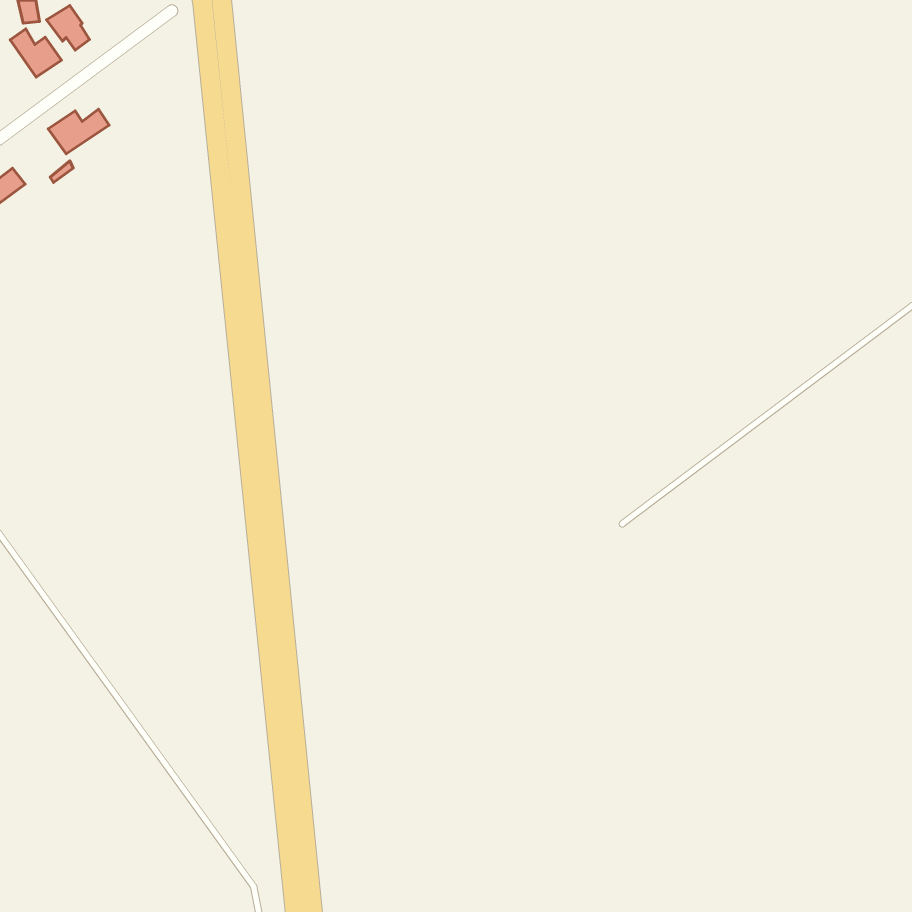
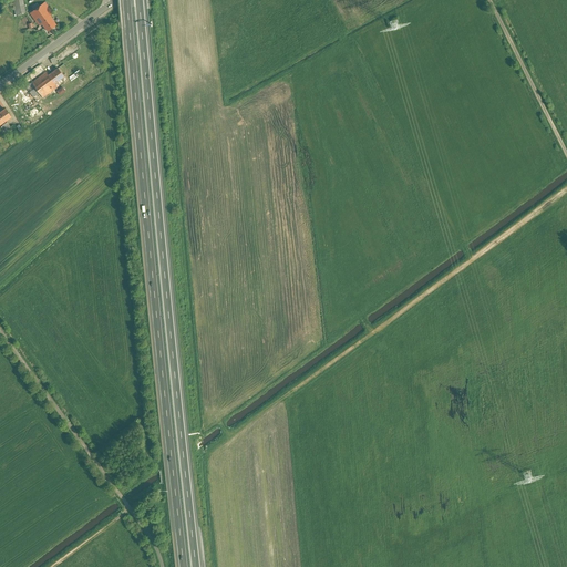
building: [10,29,62,77] -> none

